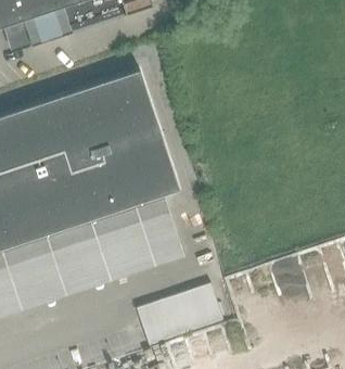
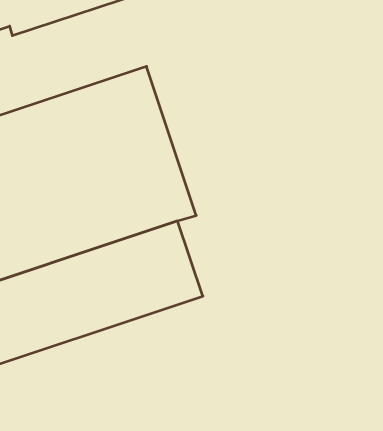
building: [135,282,222,345] -> none

